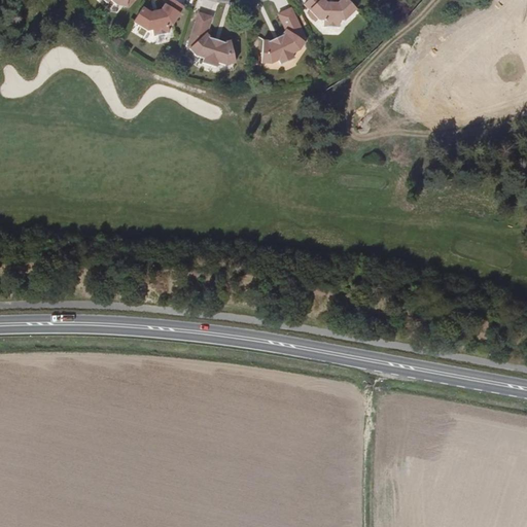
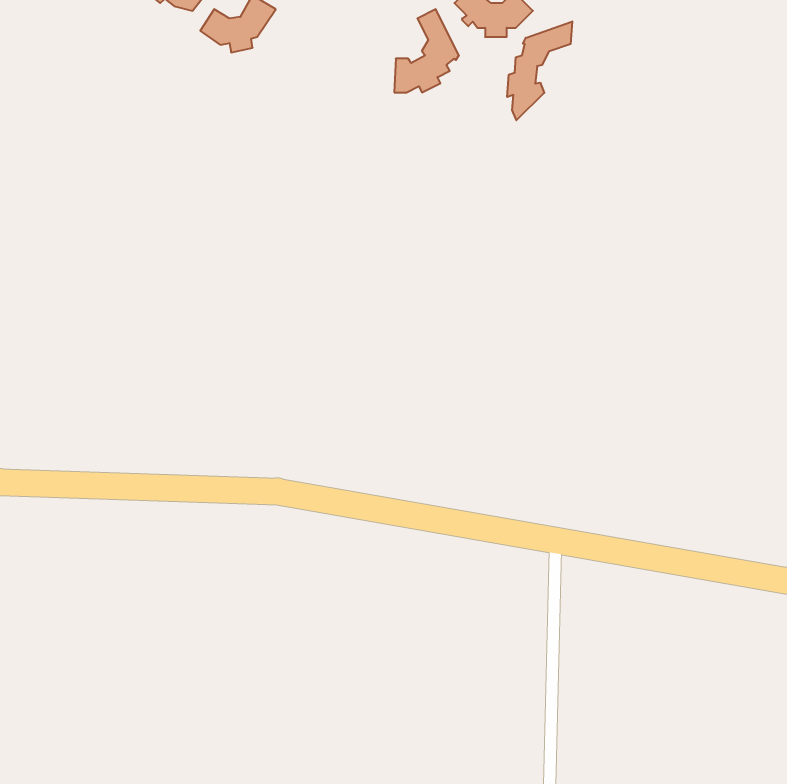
building: [188,11,235,66] -> none
building: none -> [507,21,572,120]

